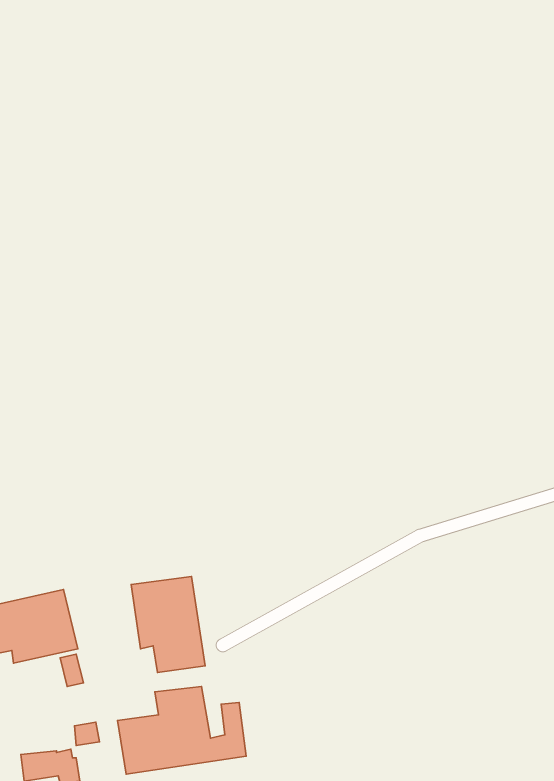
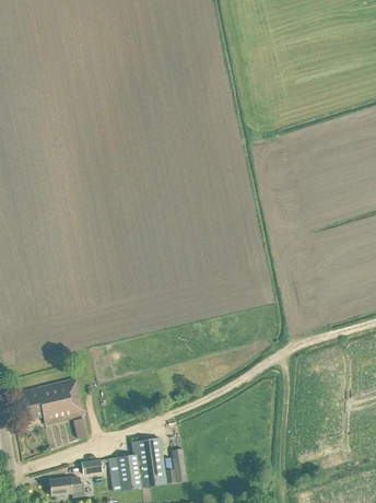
building: [131,577,205,673] -> none

